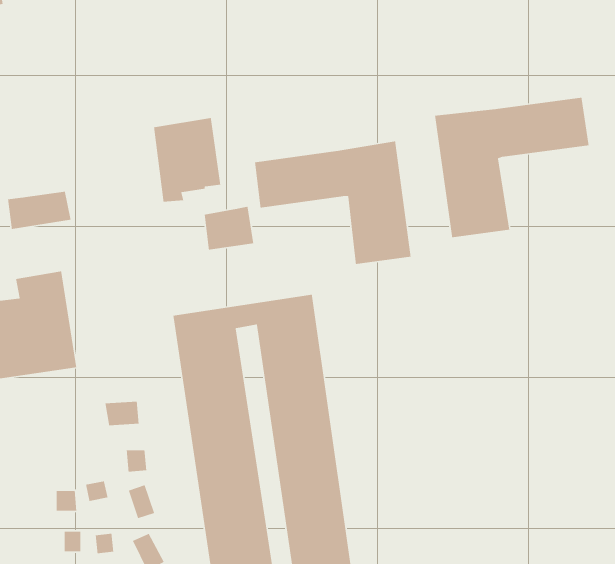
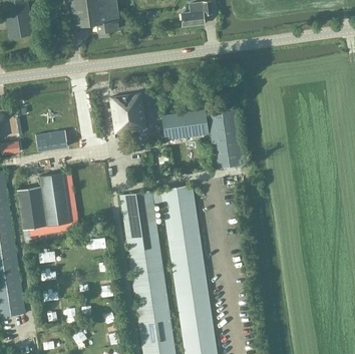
building: [434,97,590,238] -> none
building: [204,206,254,250] -> none

